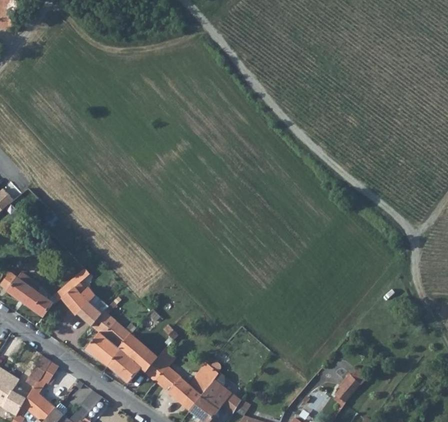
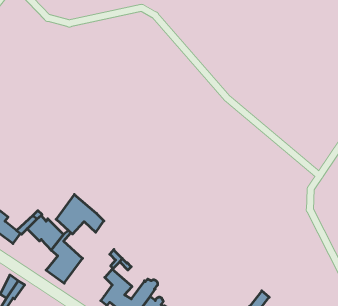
building: [108,335,166,383] -> [56,194,104,234]

